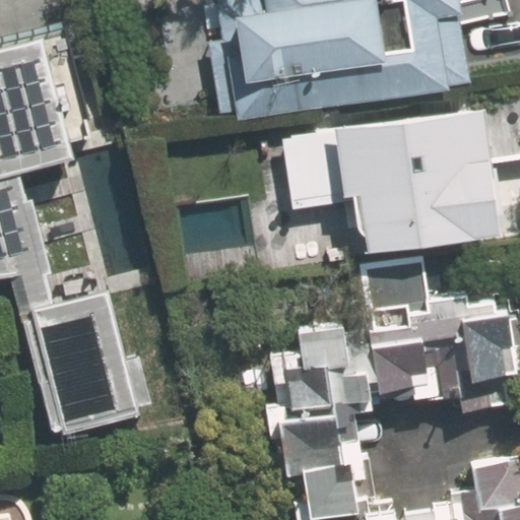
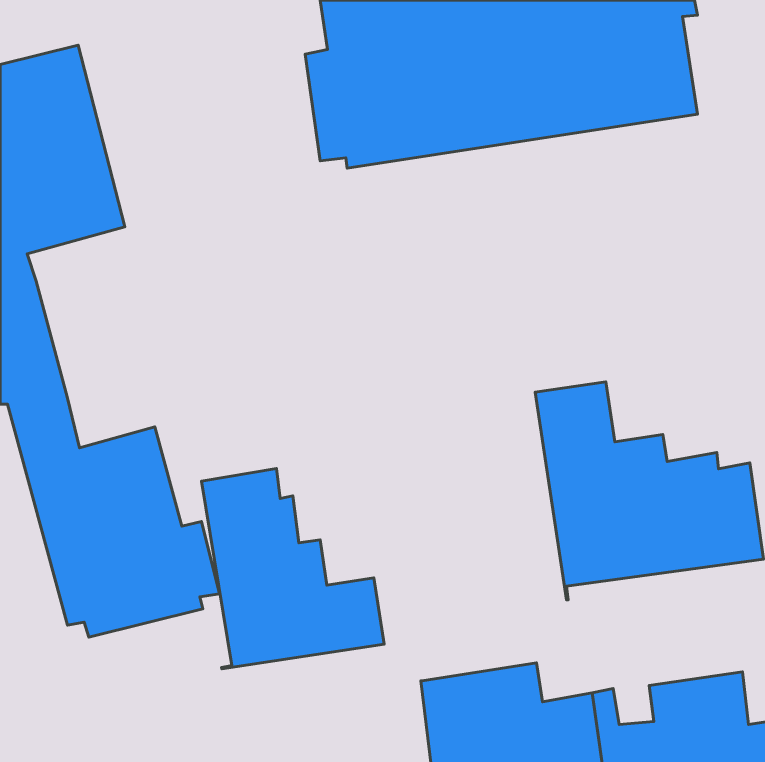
building: [310,112,499,257] -> none
building: [271,269,385,464] -> none
building: none -> [202,469,384,669]

